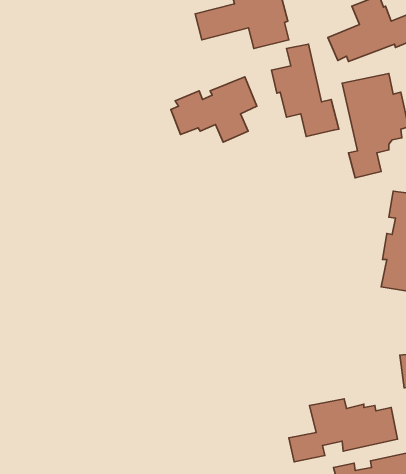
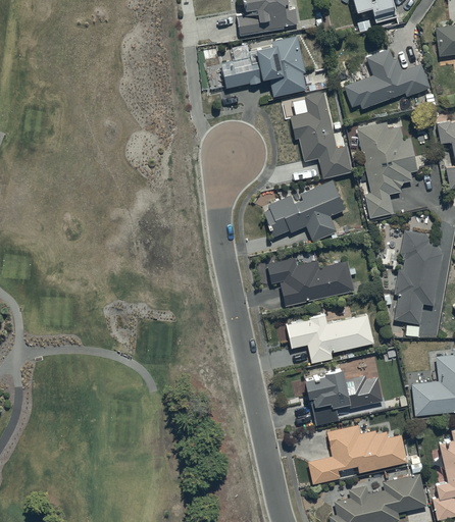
building: [171,77,257,142] -> [264,181,345,243]
building: none -> [266,257,357,307]
building: none -> [285,315,375,363]
building: none -> [303,367,380,426]

